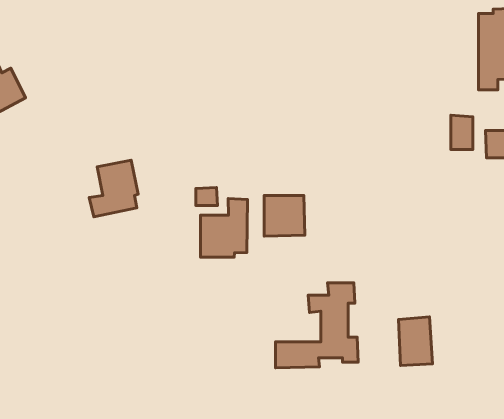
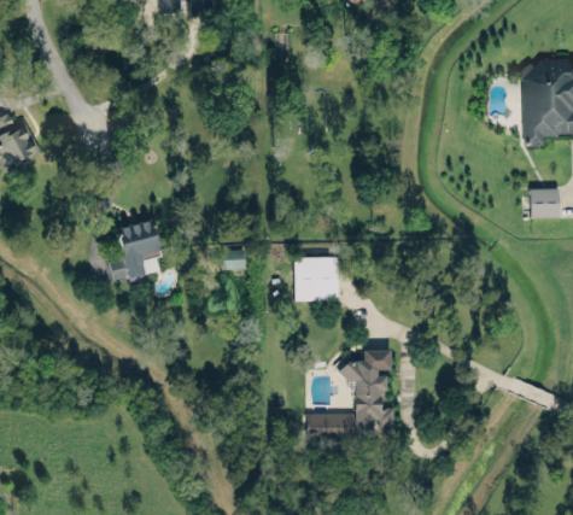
building: [451,115,473,150] -> none
building: [200,199,247,257] -> none
building: [398,317,432,365] -> none

